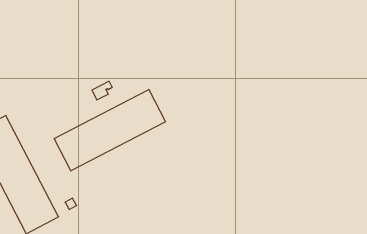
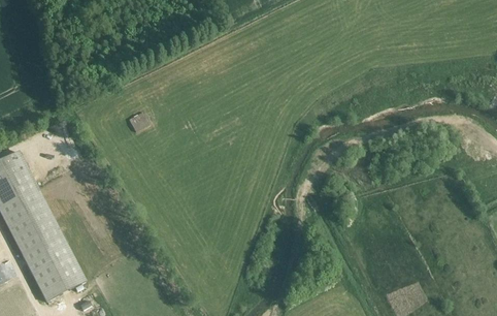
building: [54,89,165,171] -> none

